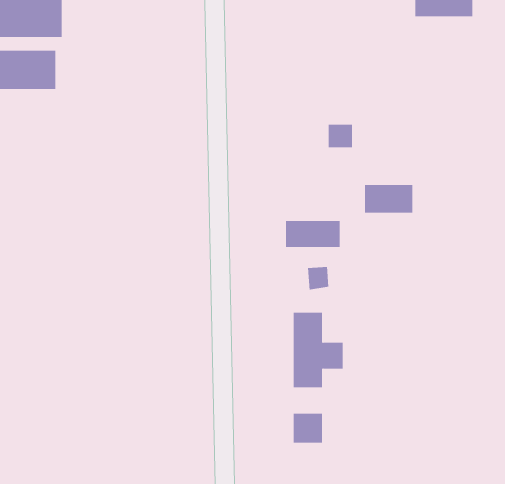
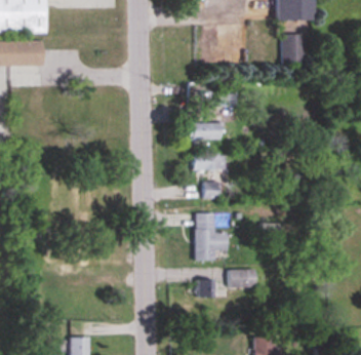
building: none -> [283,35,306,66]
building: [364,185,413,213] -> [190,122,222,141]
building: none -> [230,270,255,287]

